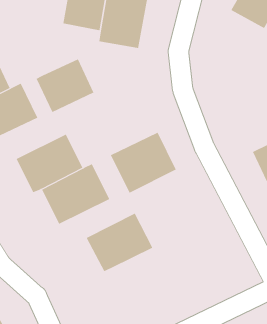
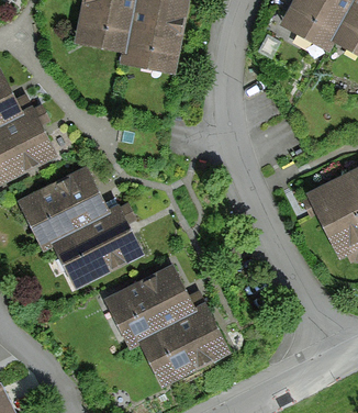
building: [36,59,94,113] -> none
building: [110,132,176,194] -> none
building: none -> [139,306,221,379]

